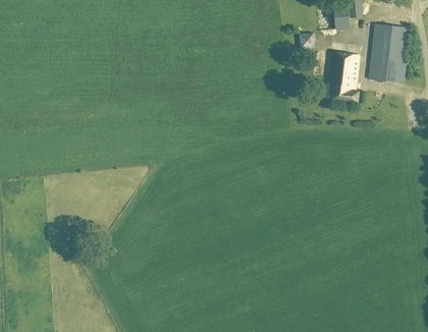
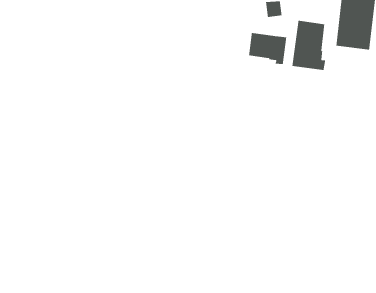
building: none -> [248,32,287,65]

